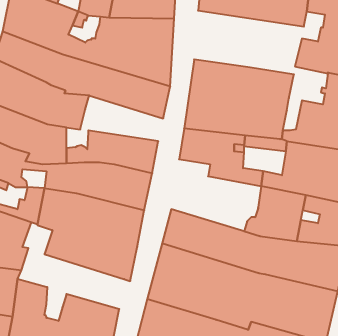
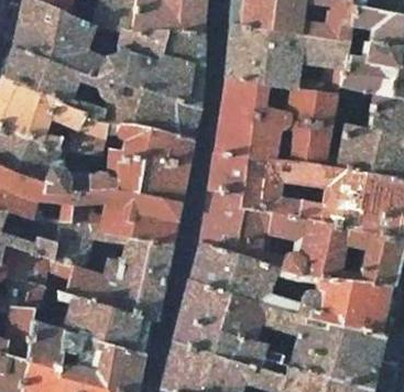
building: none -> [225,24,346,95]
building: none -> [105,118,190,168]
building: none -> [199,188,298,268]
building: none -> [57,293,148,353]

